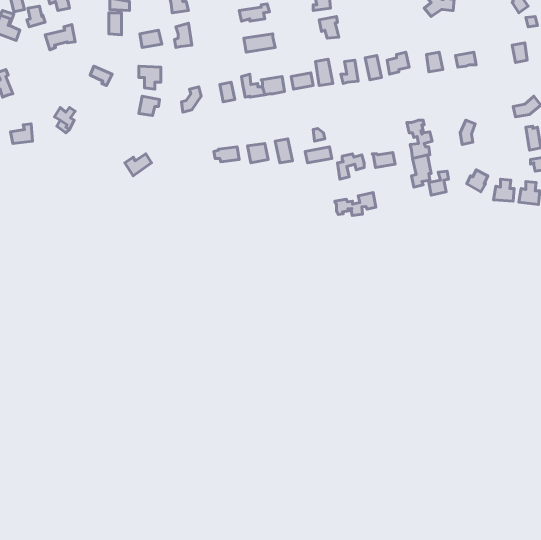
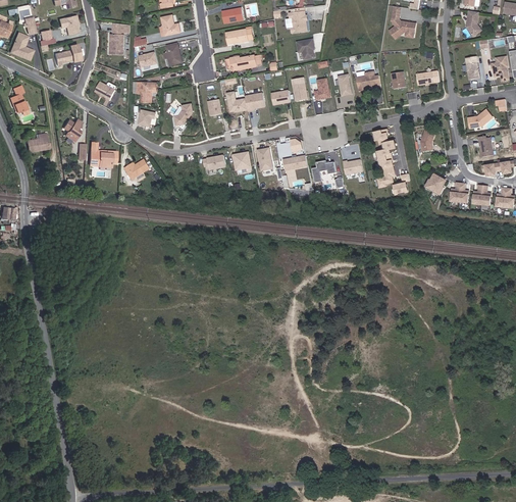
building: none -> [89,142,115,167]
building: [335,192,376,216] -> none

